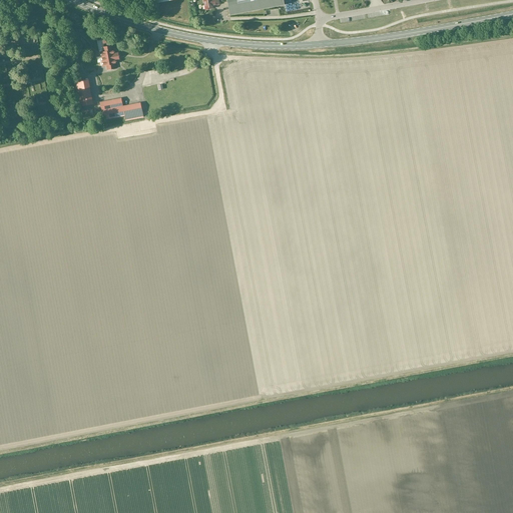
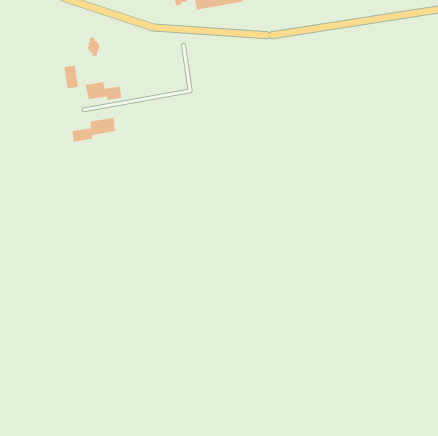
building: none -> [72,117,115,142]

